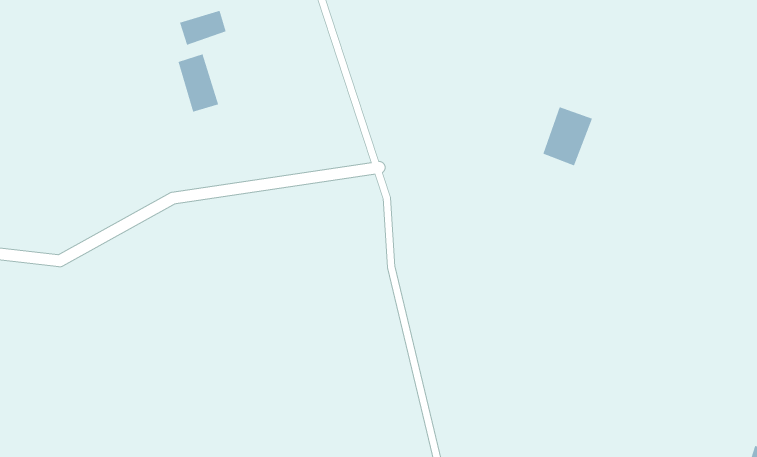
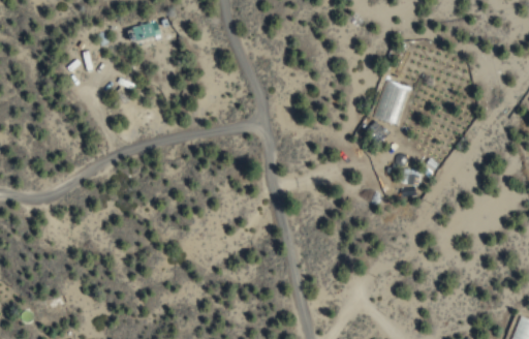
building: [178,53,219,112] -> none

